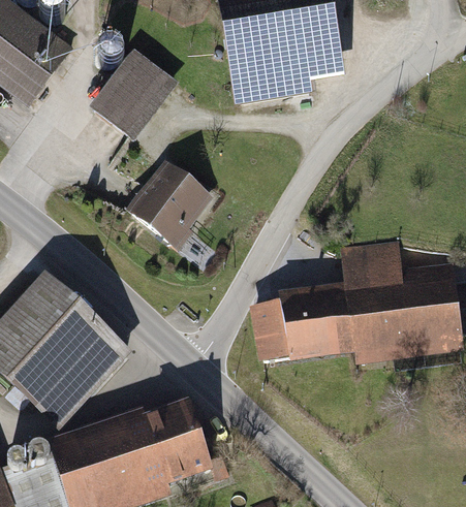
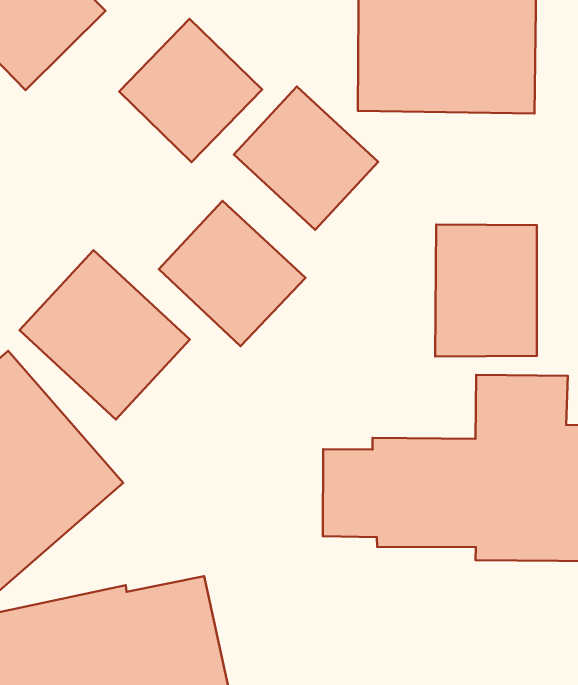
building: none -> [234,87,378,230]
building: none -> [435,224,537,357]
building: none -> [19,250,190,419]

